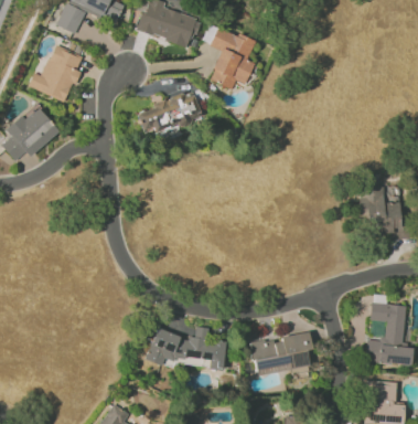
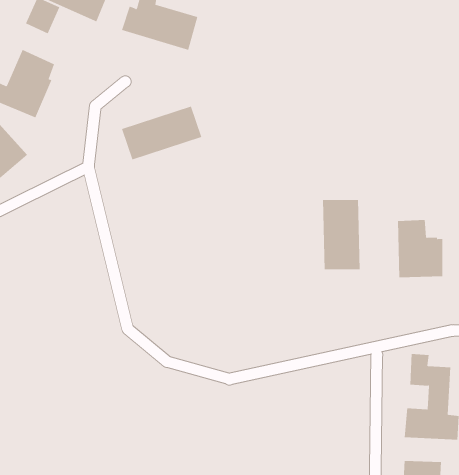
building: [204,23,256,88] -> none
building: none -> [322,199,360,270]
building: [149,326,225,368] -> none
building: [251,331,312,374] -> none

